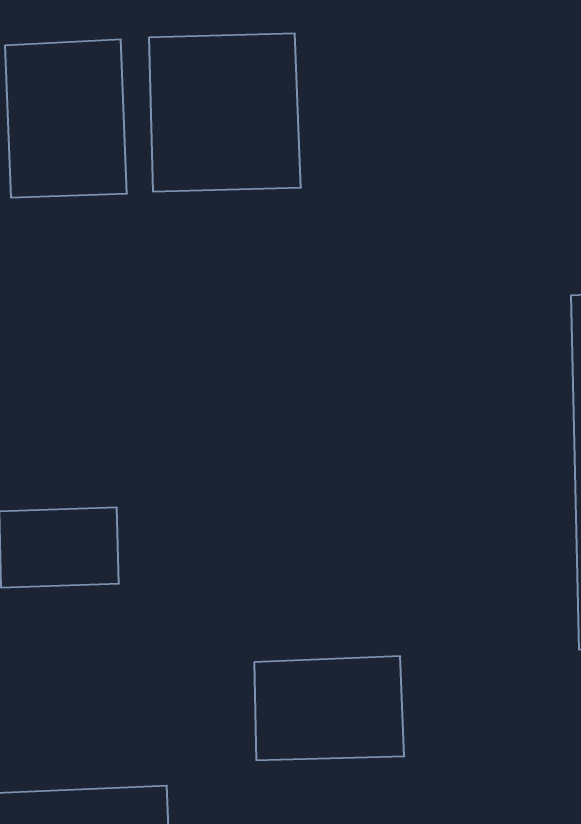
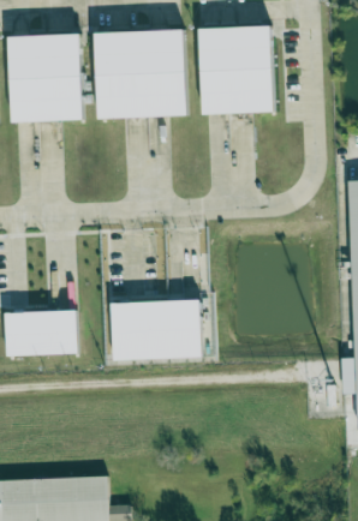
building: none -> [199,20,273,114]
building: [254,656,404,760] -> [111,298,201,360]

